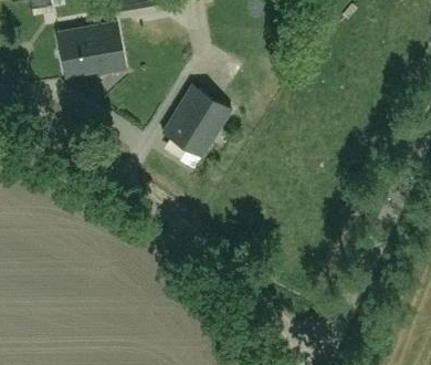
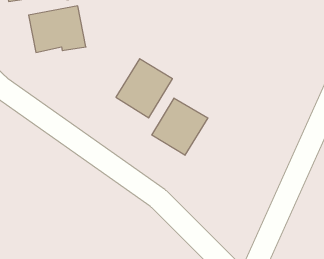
building: none -> [152,98,208,155]

